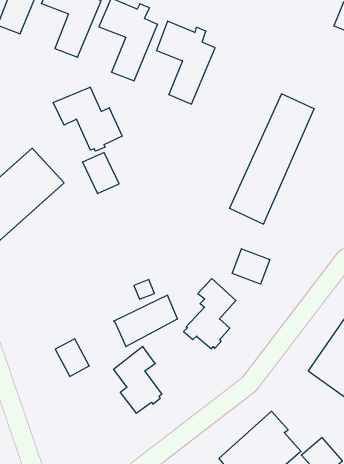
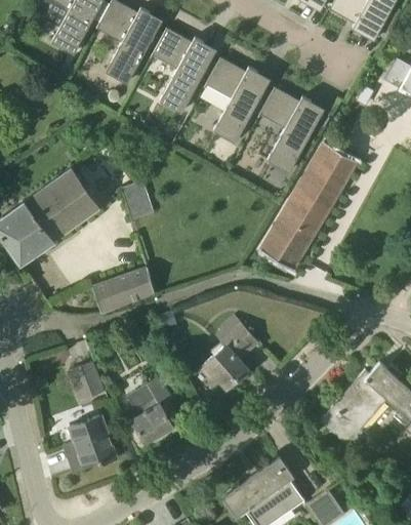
building: none -> [259,87,318,172]
building: [53,87,122,151] -> none
building: [232,249,270,284] -> none
building: [114,295,178,347] -> [91,268,155,314]
building: none -> [64,416,115,473]

